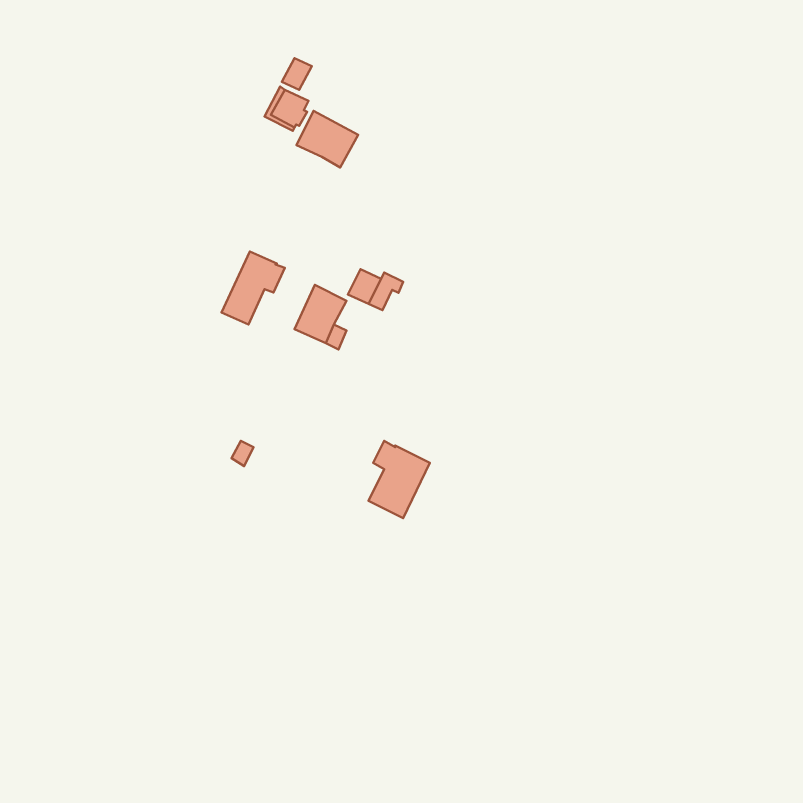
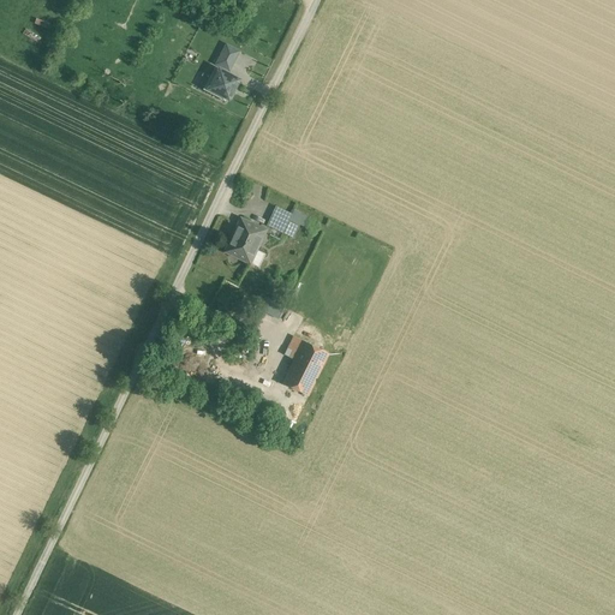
building: [296,111,358,168] -> none
building: [222,251,285,324] -> none

